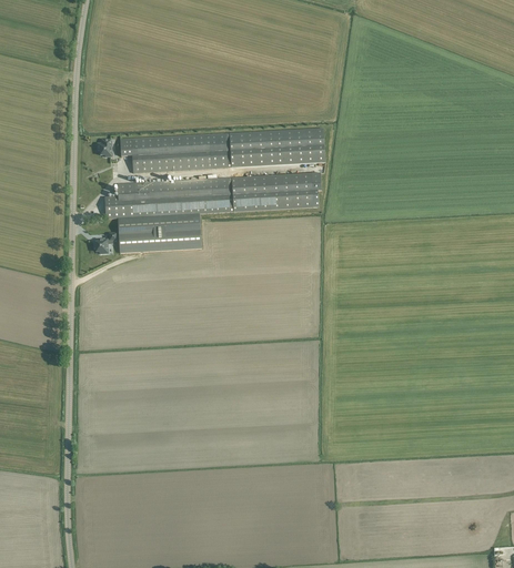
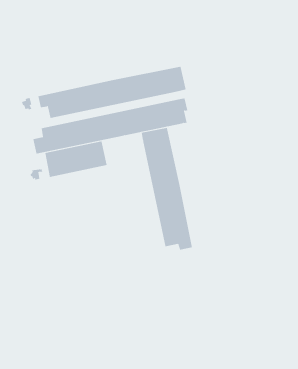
building: none -> [141,127,193,250]

